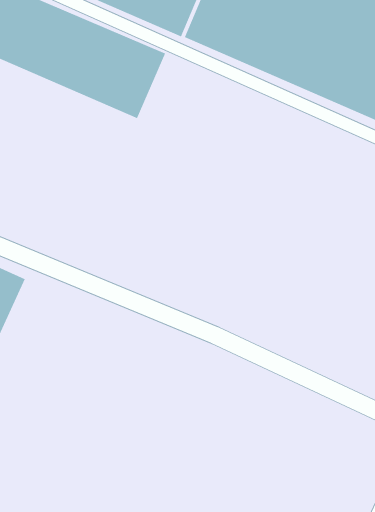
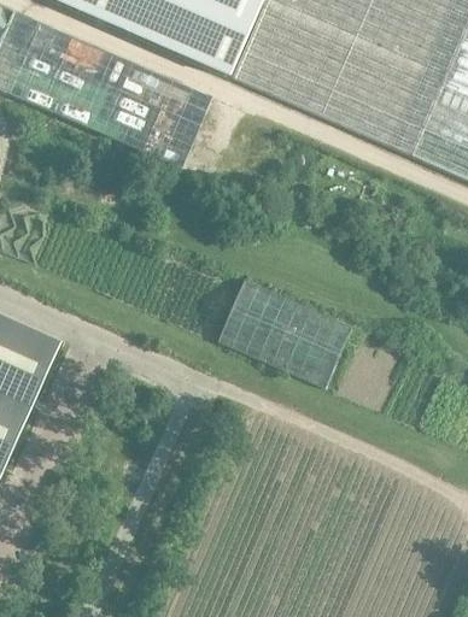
building: none -> [212,277,345,388]

